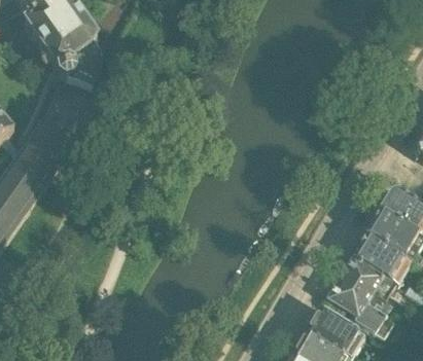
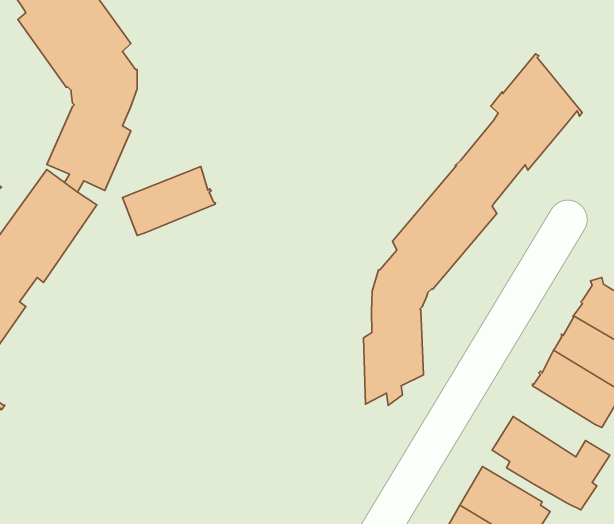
building: none -> [363,54,582,406]
building: none -> [122,166,216,235]
building: [340,252,392,297] -> none

